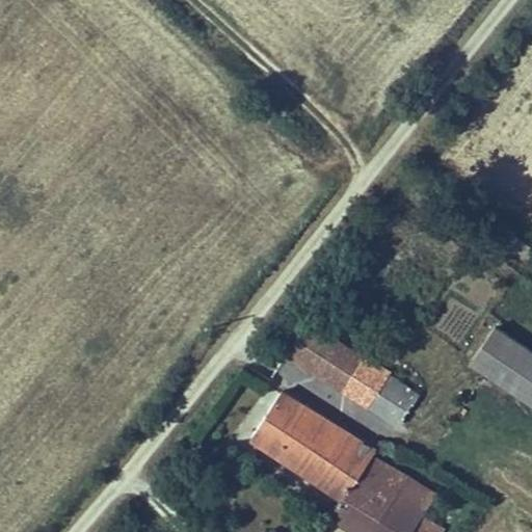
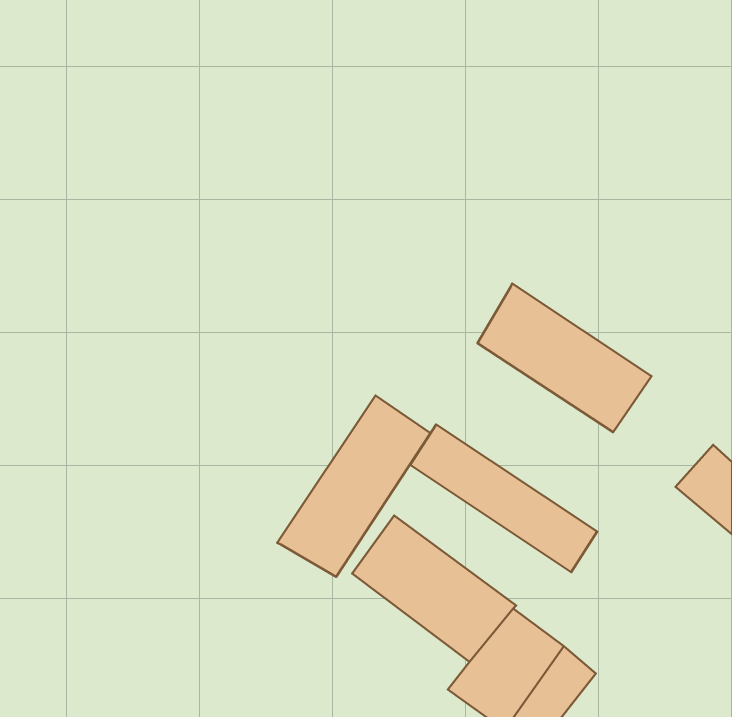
building: none -> [477,283,651,432]
building: none -> [277,396,431,577]

